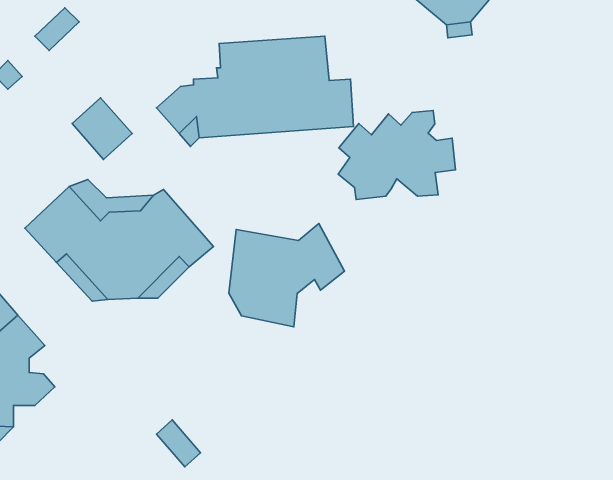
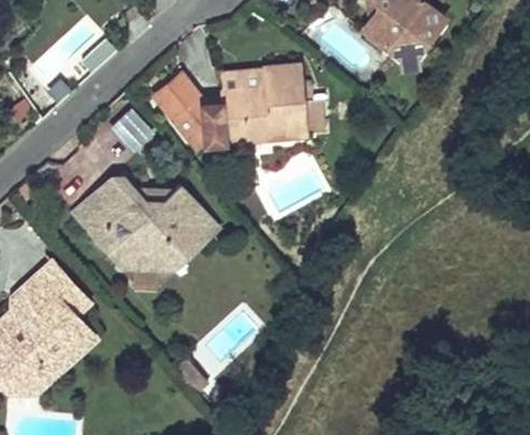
building: none -> [151,71,203,119]
building: [338,110,456,200] -> none
building: [229,223,344,327] -> none

